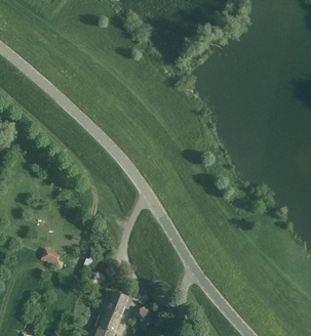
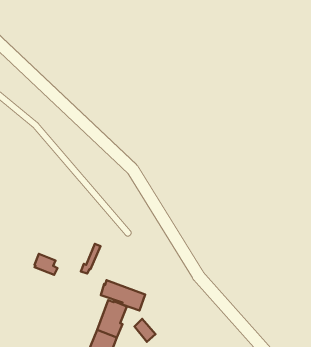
building: none -> [101,280,145,311]

